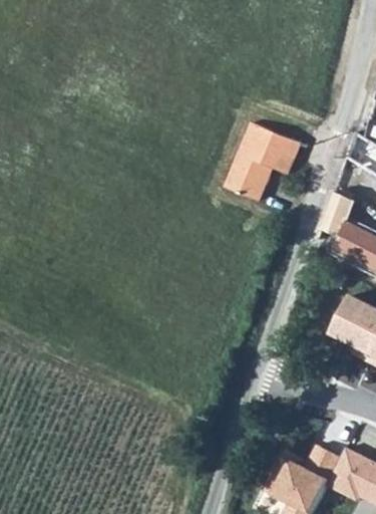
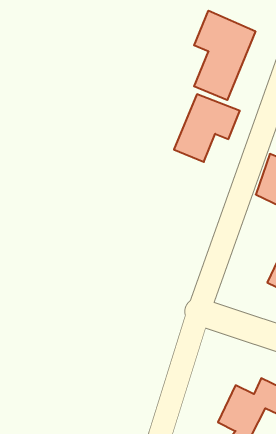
building: none -> [194,11,255,100]

